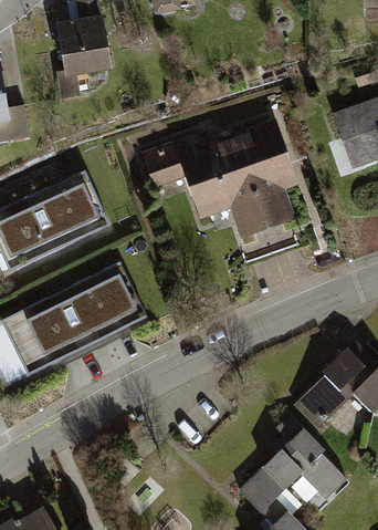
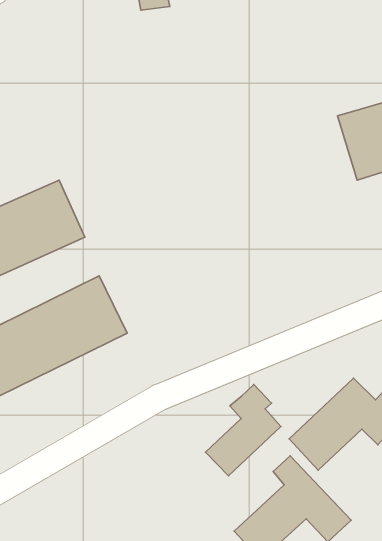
building: [53,14,109,96] -> none
building: [141,123,295,237] -> none
building: none -> [206,384,281,476]

